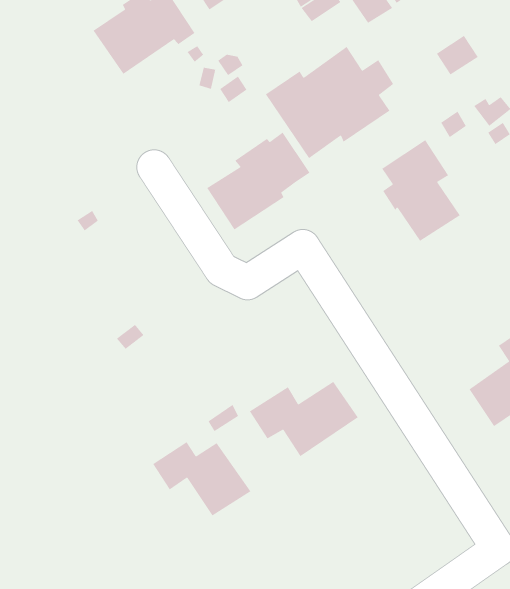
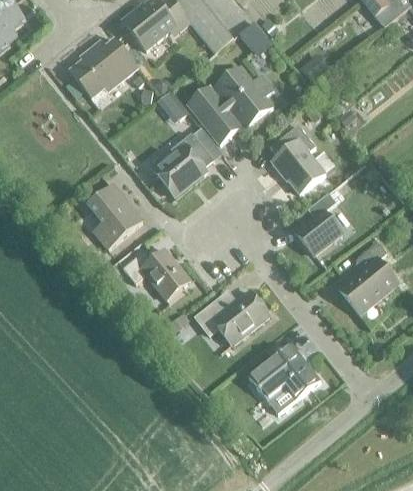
building: none -> [88,183,143,248]
building: none -> [296,192,342,254]
building: [152,441,251,517] -> [123,249,191,299]
building: none -> [249,342,321,413]

